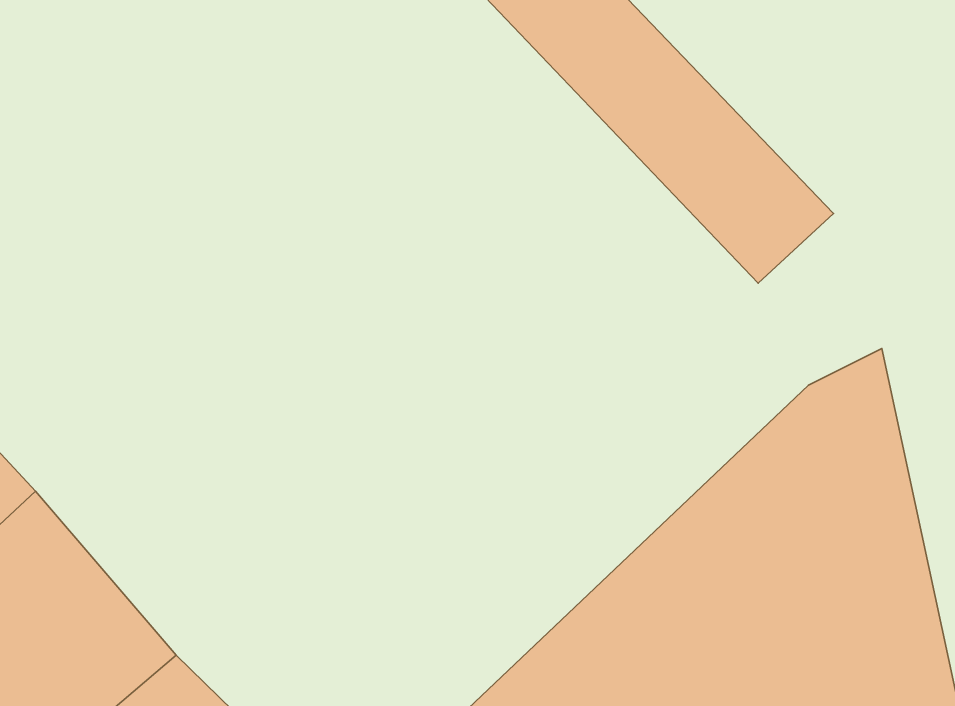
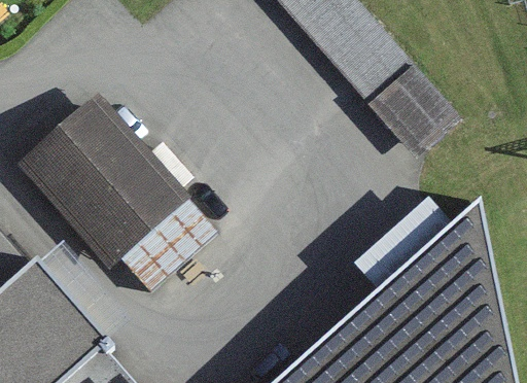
building: none -> [22,103,189,272]

